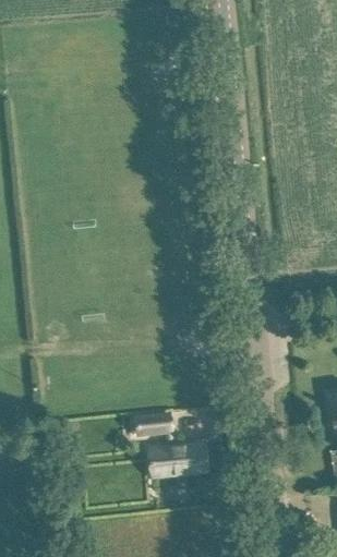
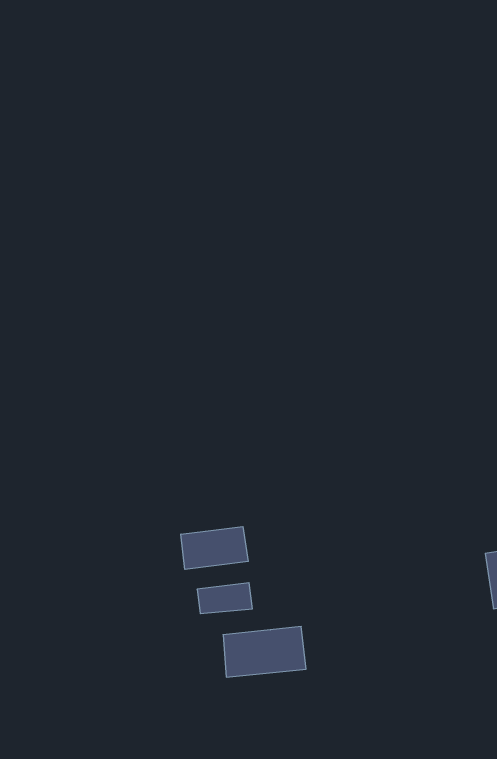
building: none -> [181,527,248,569]

